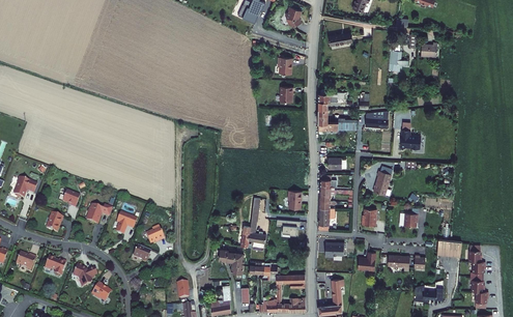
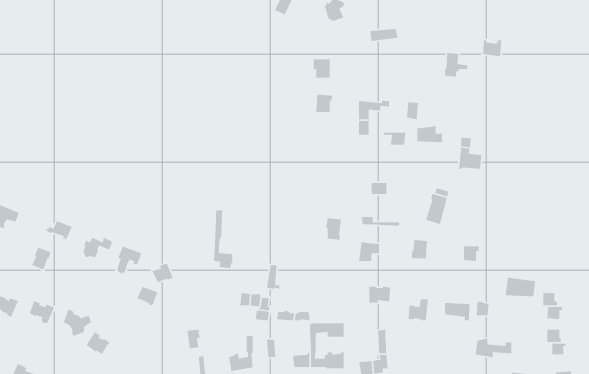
building: [249,197,265,246] -> [213,209,233,269]

